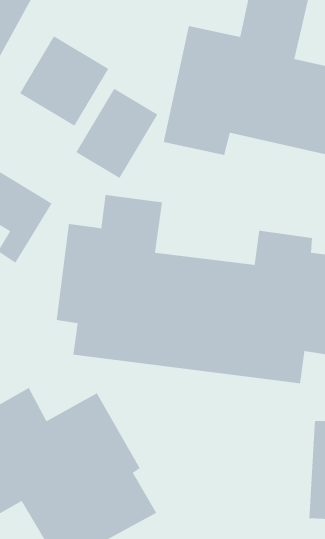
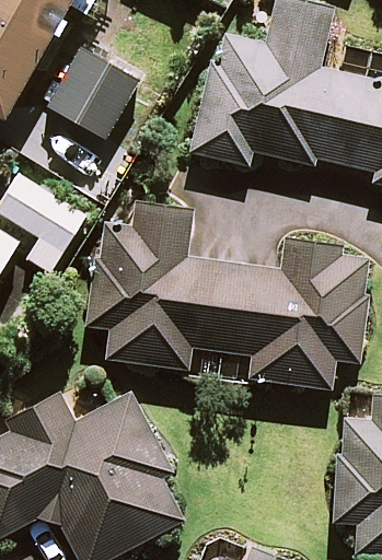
building: [76,88,158,179] -> none

